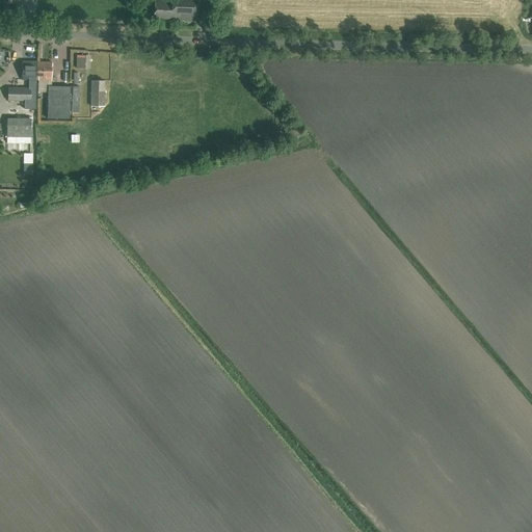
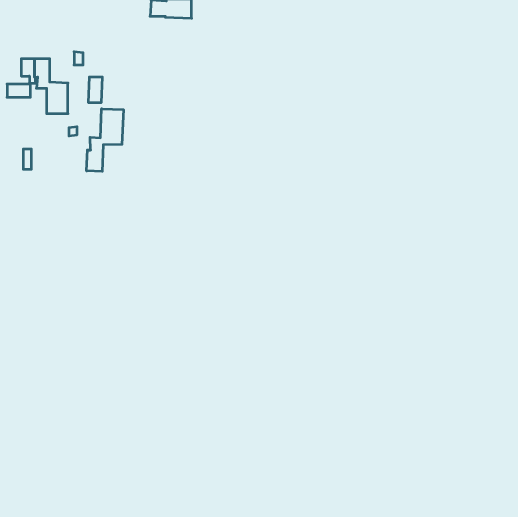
building: none -> [87,109,123,171]
building: [7,119,31,142] -> none

